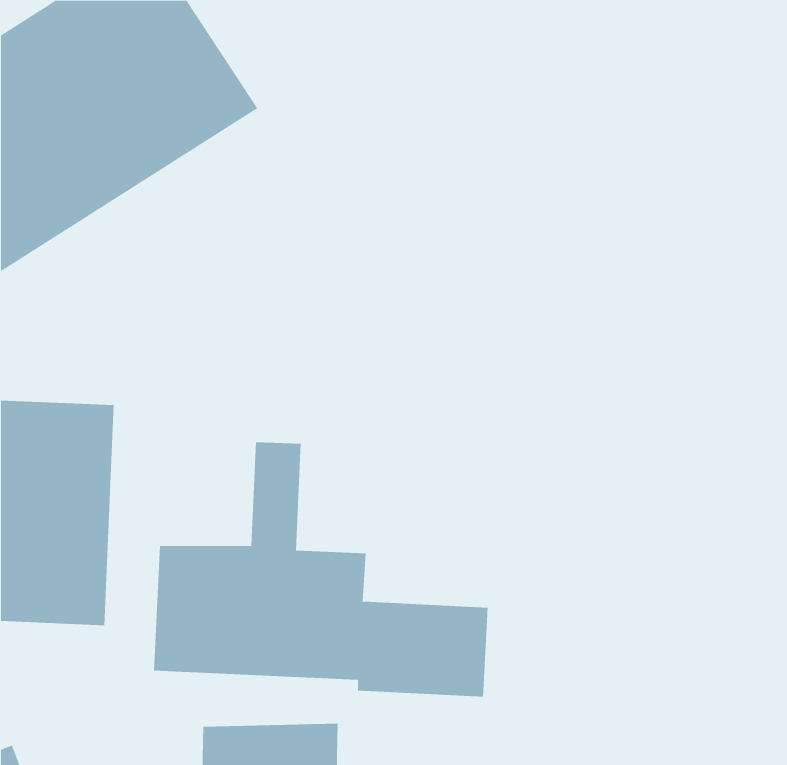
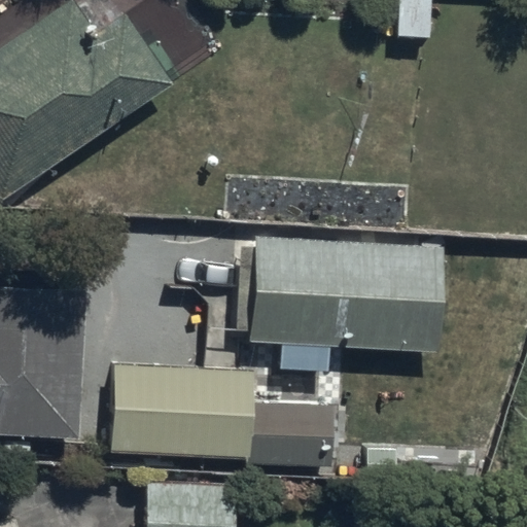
building: none -> [245,235,440,348]

